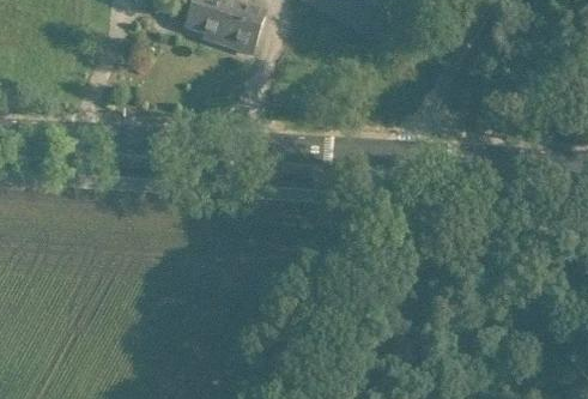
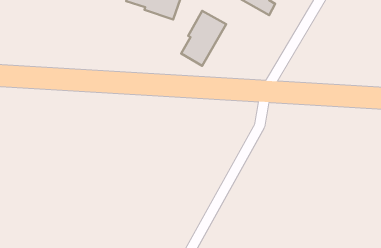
building: none -> [181,11,226,66]

